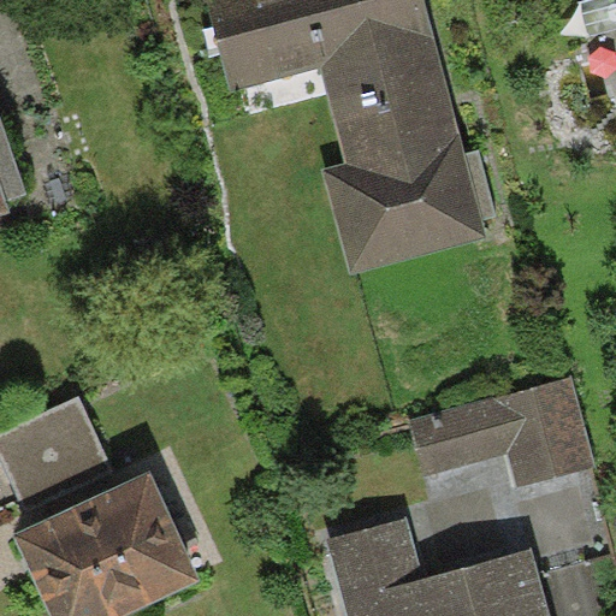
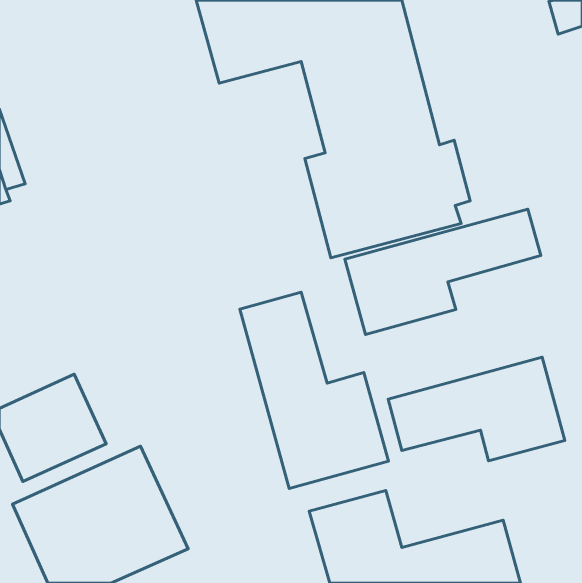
building: none -> [345,209,541,335]
building: none -> [240,292,389,489]

